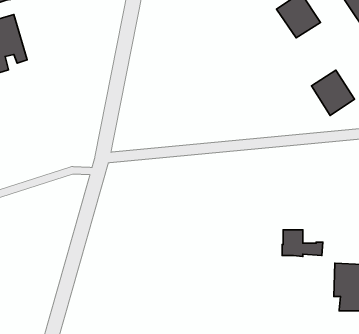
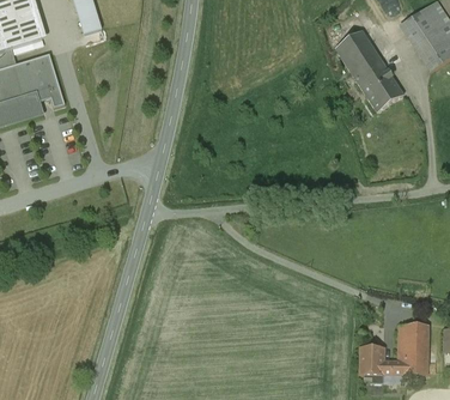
building: [311,70,354,116] -> [357,61,403,110]
building: [282,230,323,257] -> [360,345,405,374]

